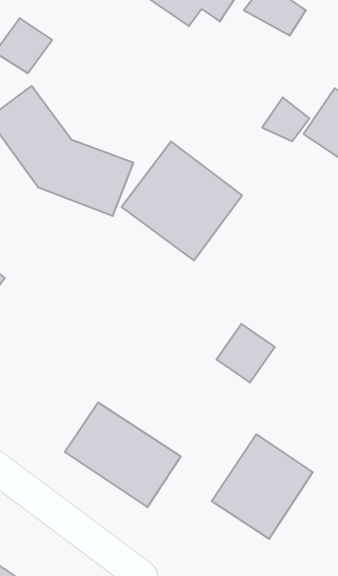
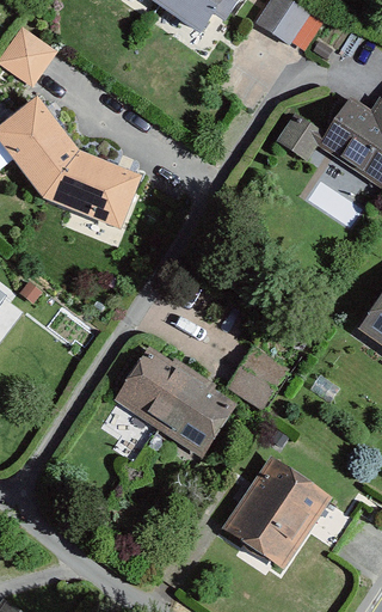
building: [122,141,242,261] -> none
building: [65,403,181,507] -> [115,349,235,458]

